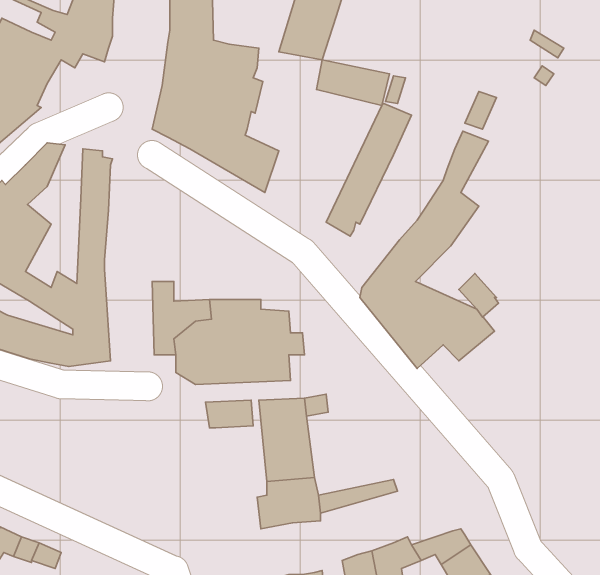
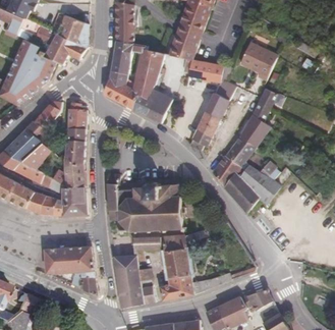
building: none -> [241,43,276,79]
building: none -> [45,244,94,292]
building: none -> [112,249,151,302]

